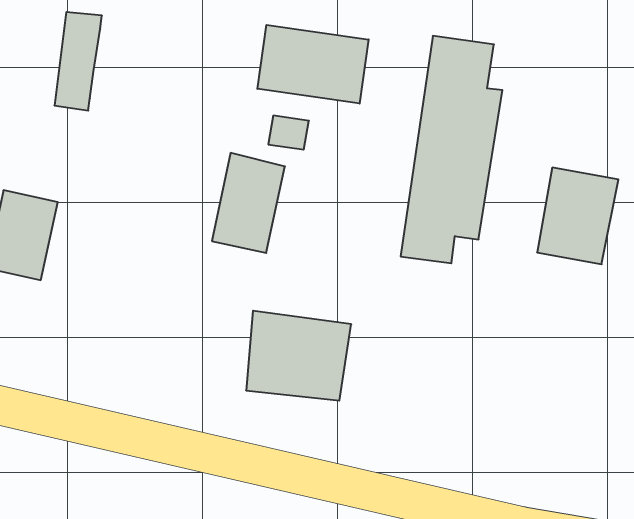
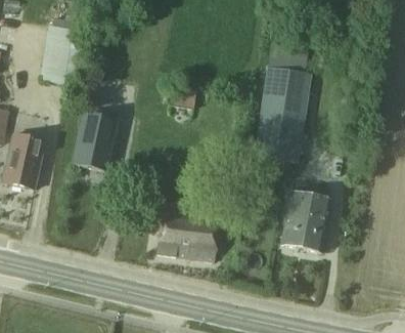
building: [257,25,369,104] -> none
building: [212,153,285,253] -> [71,111,115,171]
building: [537,168,618,264] -> [282,193,331,251]

